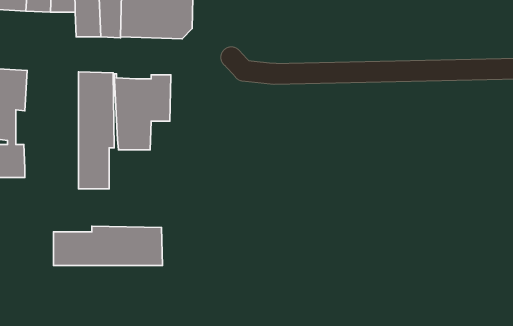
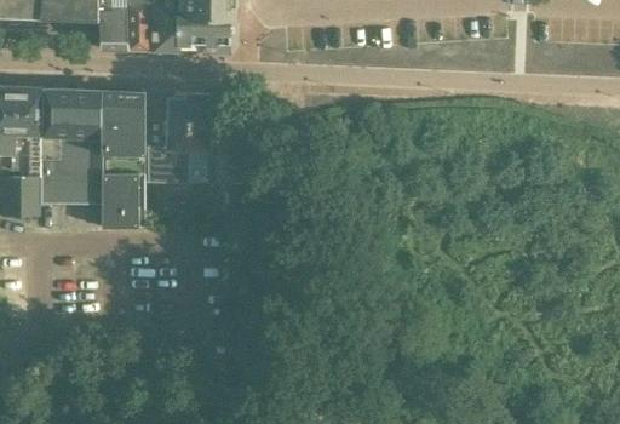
building: none -> [34,90,93,204]
building: [53,226,162,265] -> none

